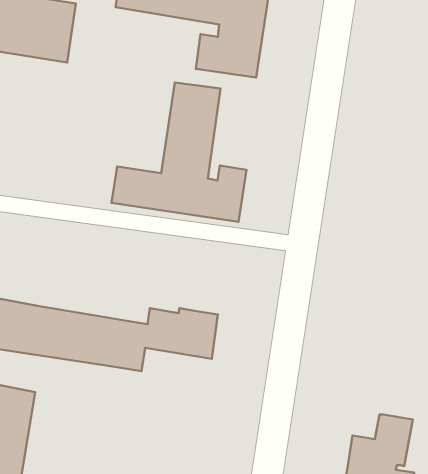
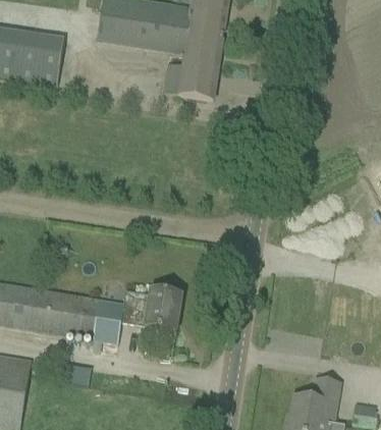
building: [111,82,247,222] -> none

